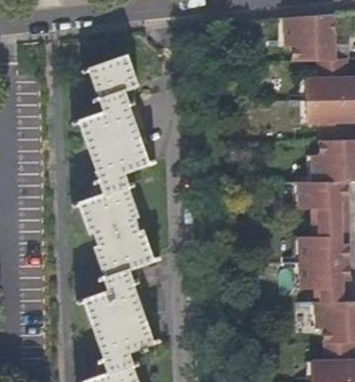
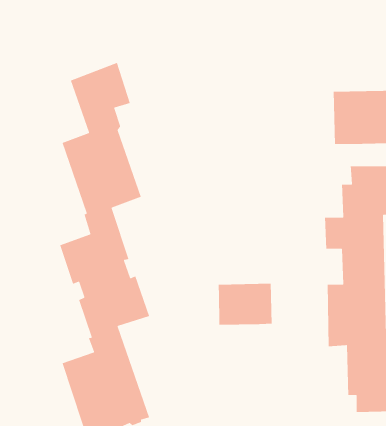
building: [284,13,335,59] -> none
building: none -> [218,283,272,326]

